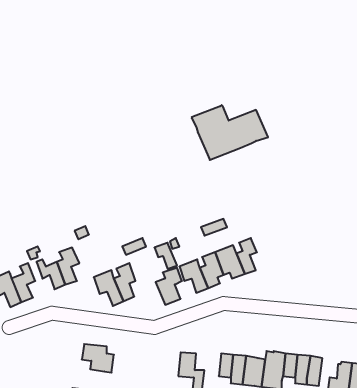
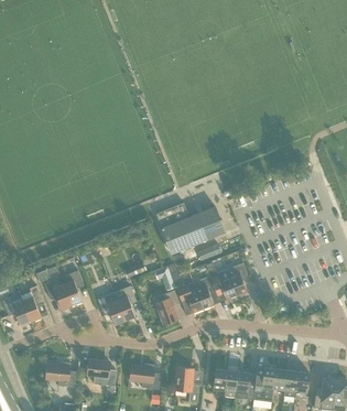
building: [192,105,268,160] -> [154,203,225,253]
building: none -> [44,361,76,387]
building: none -> [128,364,160,389]

